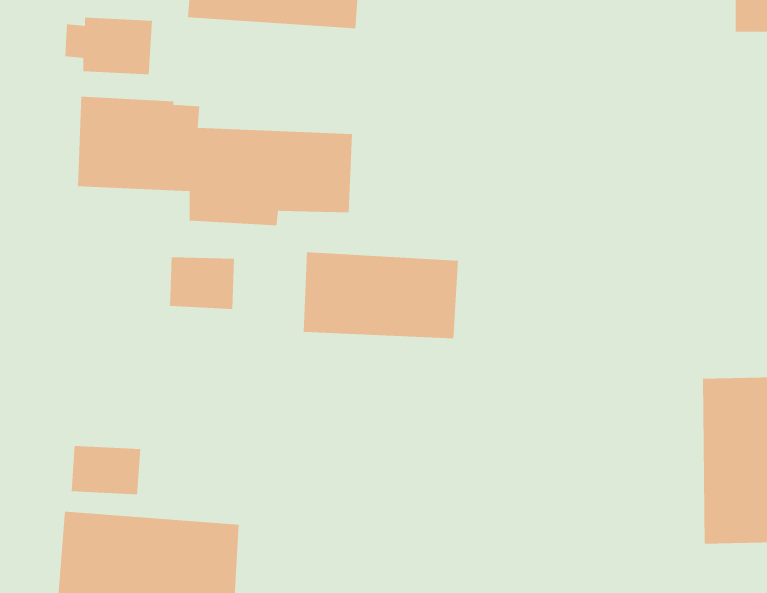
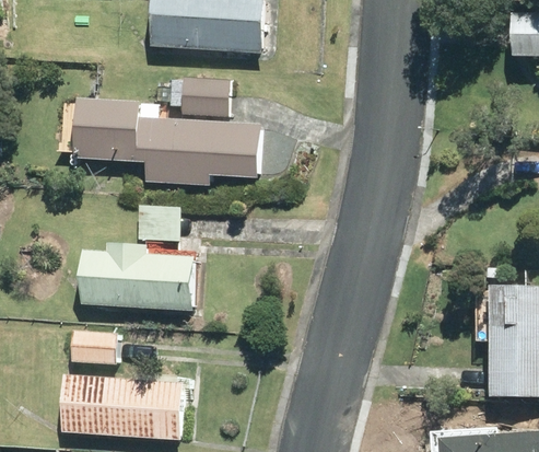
building: [64,17,153,75] -> [169,79,229,117]
building: [303,252,459,339] -> none
building: none -> [82,243,192,311]

